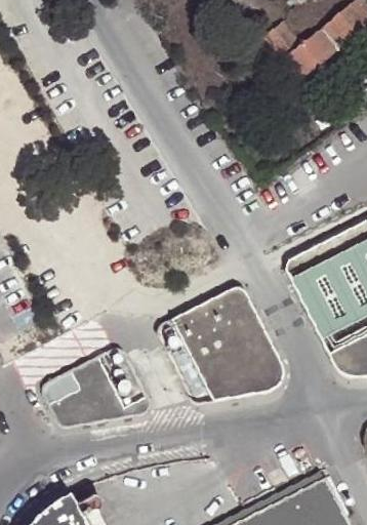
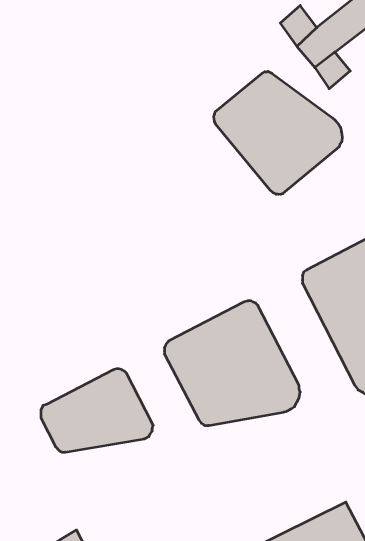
building: none -> [214,71,342,194]

